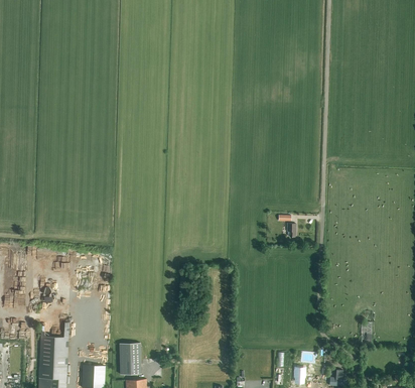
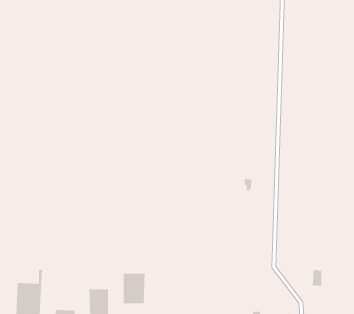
building: none -> [123,273,146,304]

